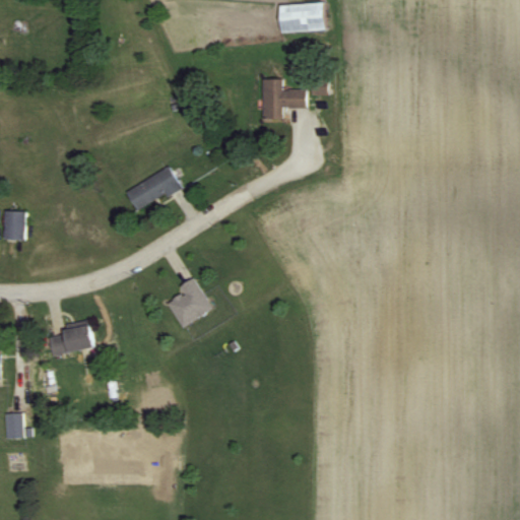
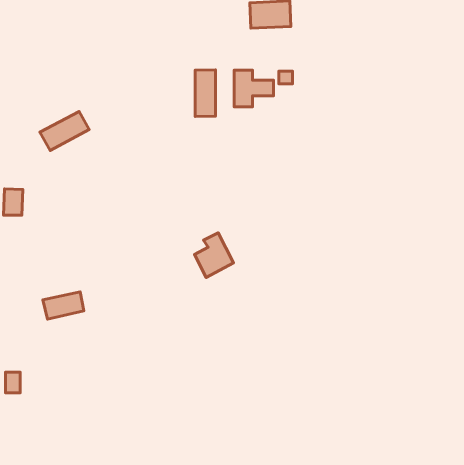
building: none -> [195,70,216,117]
building: [125,167,180,210] -> [40,111,89,151]
building: [169,277,212,327] -> [194,233,234,277]

